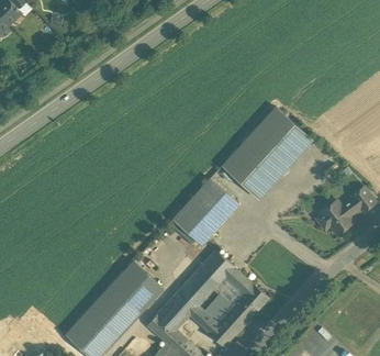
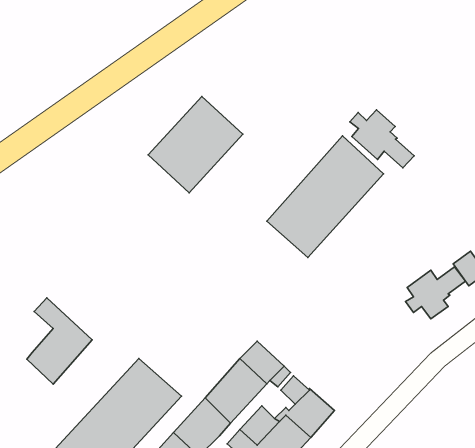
building: none -> [350,110,414,168]
building: [172,178,238,245] -> [148,96,243,193]
building: none -> [27,298,92,384]

